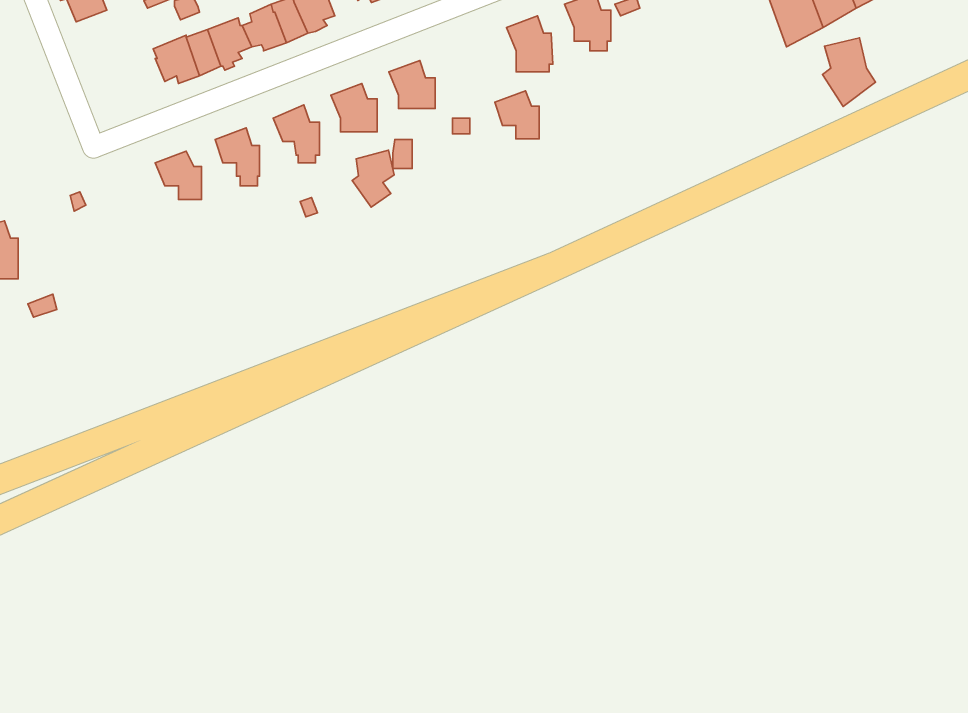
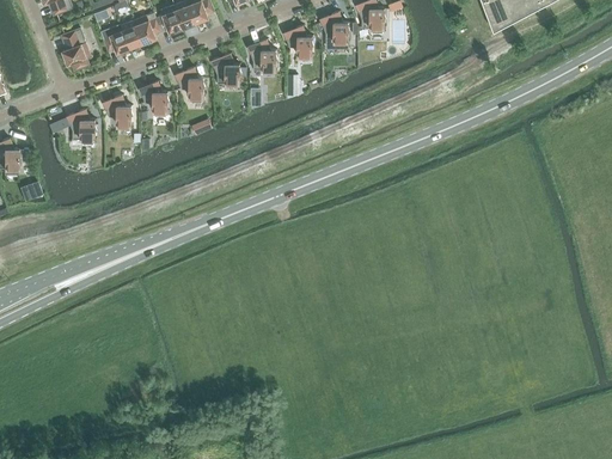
building: [822,38,876,106] -> none
building: none -> [61,29,90,71]
building: [495,91,539,139] -> [283,26,311,56]
building: [352,150,394,207] -> none
building: none -> [66,109,94,145]

